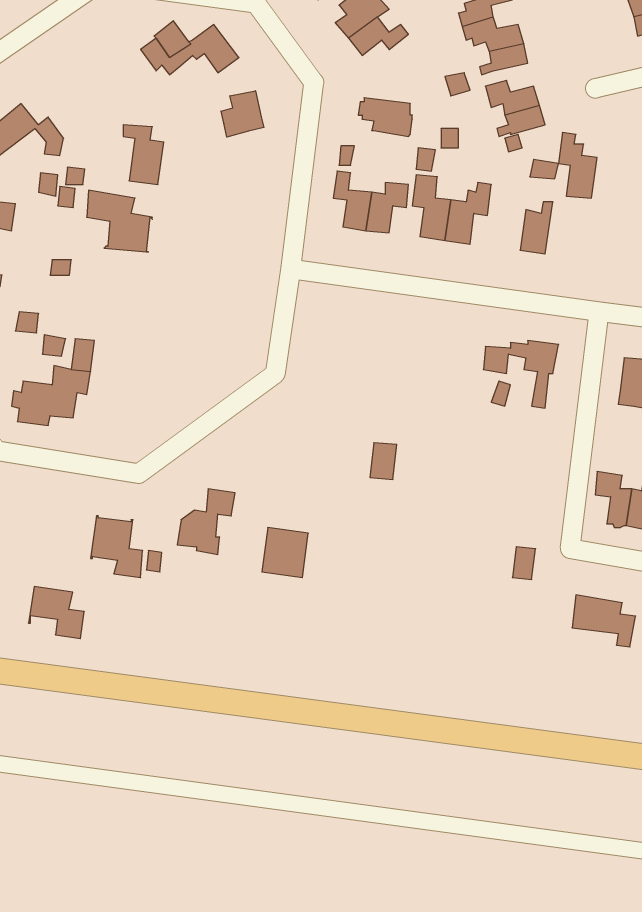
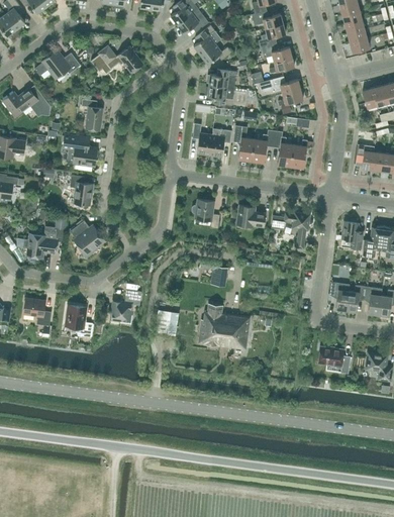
building: none -> [35,49,80,79]
building: none -> [207,69,236,88]
building: [221,91,264,137] -> none
building: [559,133,597,198] -> [273,130,293,165]
building: none -> [70,175,93,206]
building: none -> [195,199,219,227]
building: none -> [236,204,265,226]
building: none -> [70,220,105,258]
building: none -> [198,304,250,349]
building: [28,587,84,639] -> [22,298,52,325]

